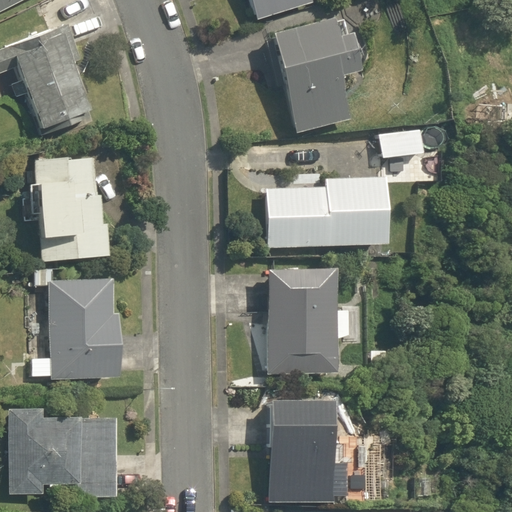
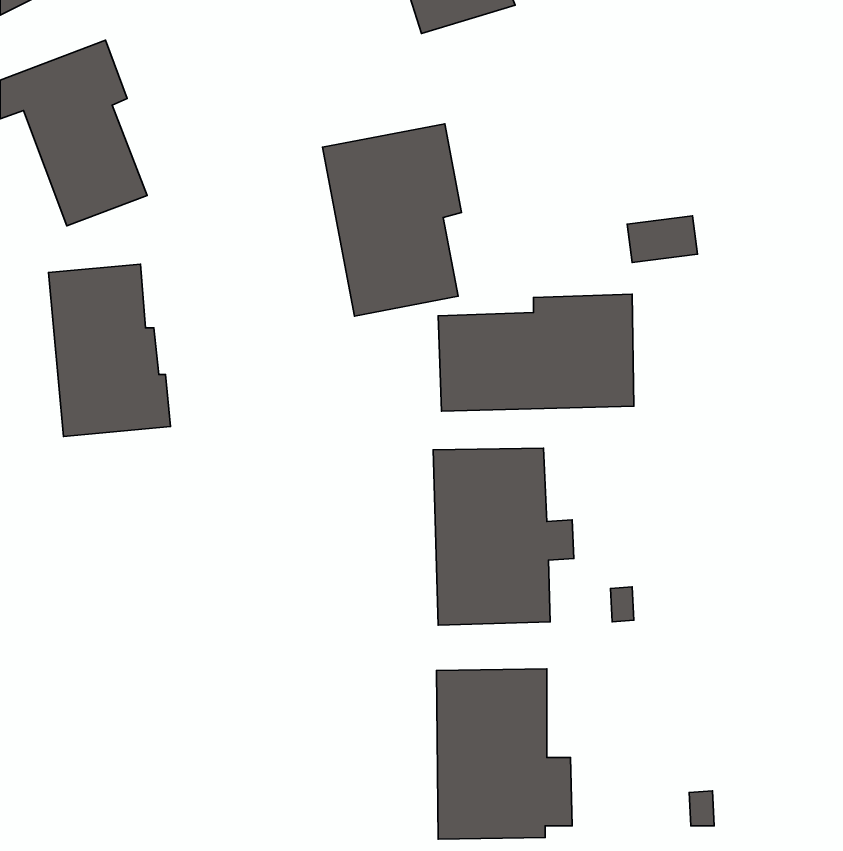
building: [272,20,355,135] -> [323,124,461,316]
building: [52,278,119,378] -> none
building: [13,407,117,496] -> none

